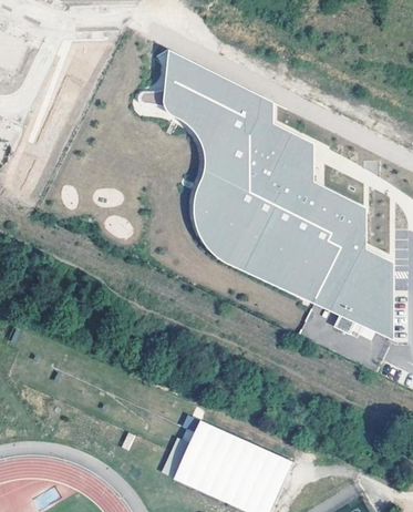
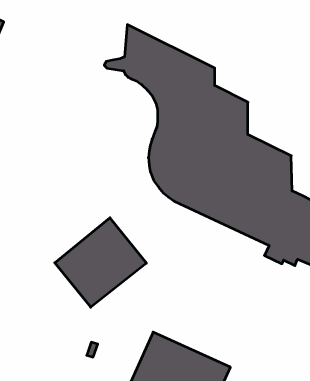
building: none -> [55,218,146,307]

